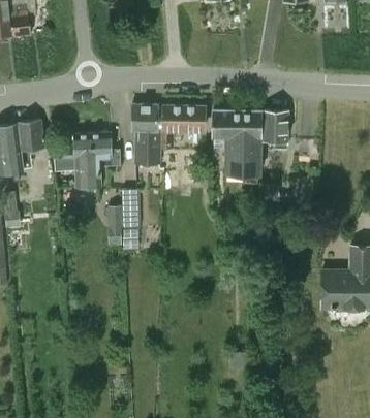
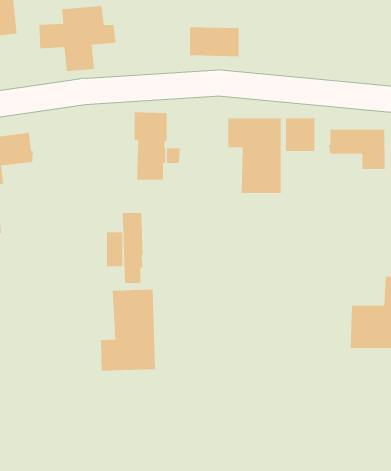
building: [160,105,204,131] -> [189,27,240,57]
building: none -> [328,129,385,170]
building: [53,131,120,188] -> [38,5,116,72]
building: none -> [100,289,155,372]

